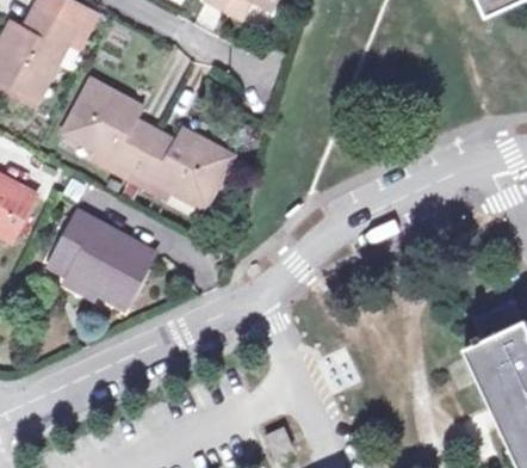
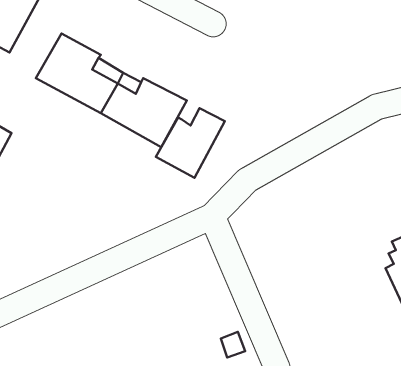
building: none -> [156,108,225,178]
building: [56,217,143,307] -> none

